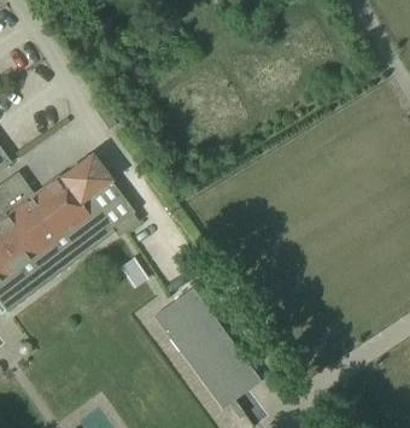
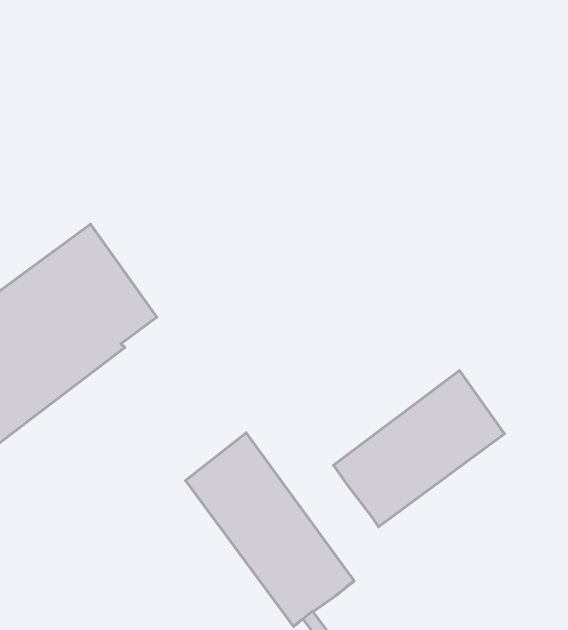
building: none -> [334,370,504,527]

